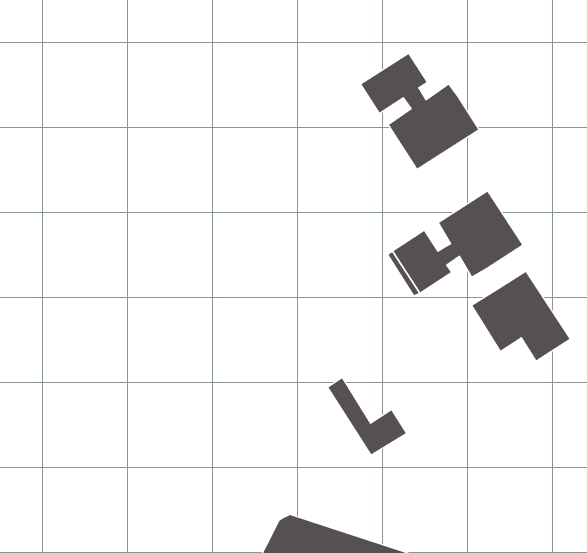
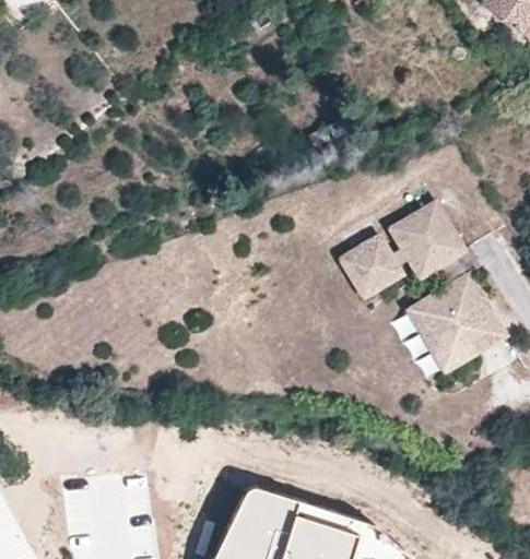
building: [361,53,479,170] -> none
building: [328,377,407,455] -> [404,304,474,372]

